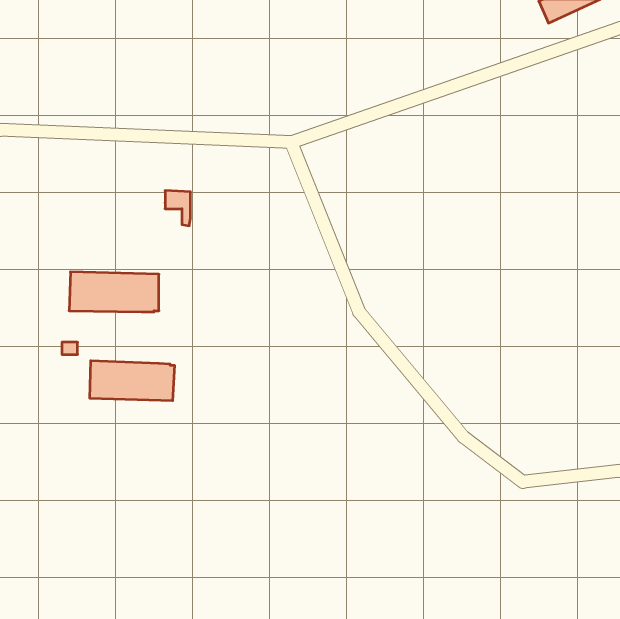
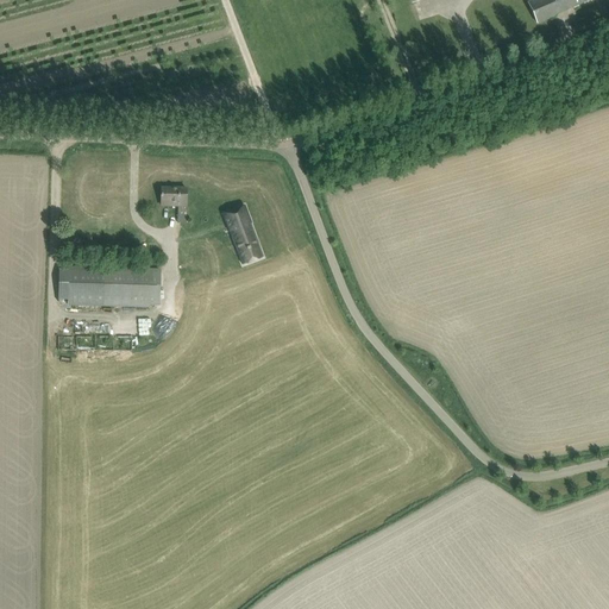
building: none -> [224,205,263,264]
building: [90,361,174,401] -> none

